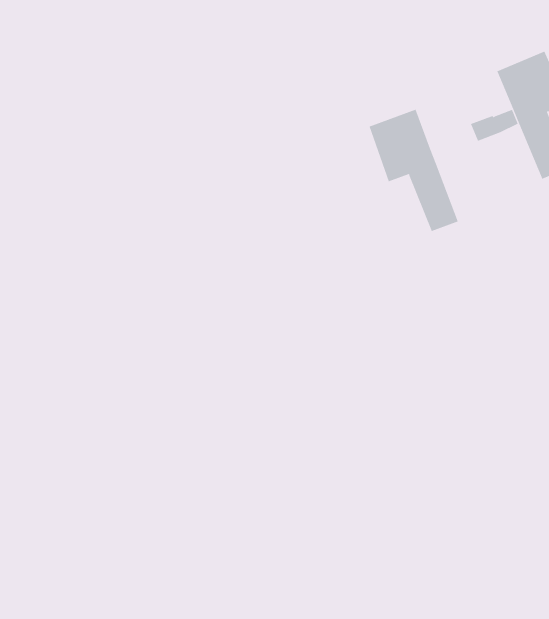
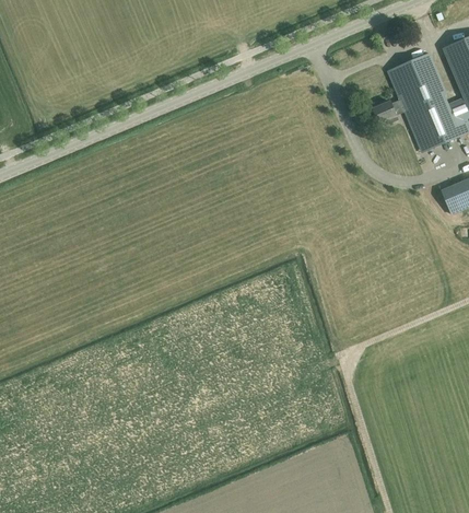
building: [369,109,458,232] -> none

